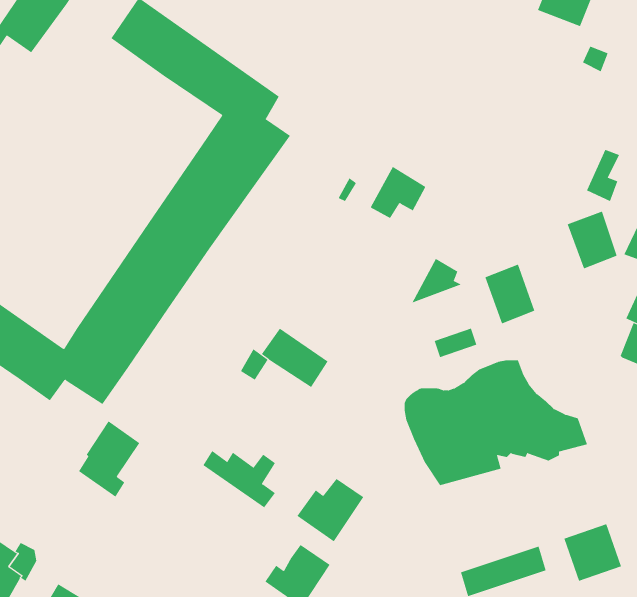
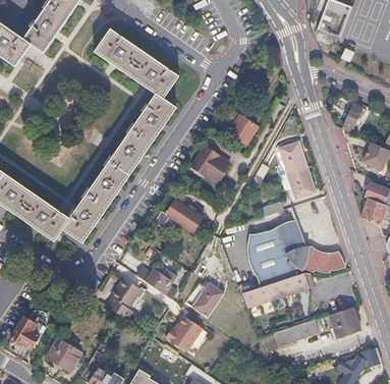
building: [567,211,617,269] -> [279,142,307,173]
building: none -> [190,147,229,182]
building: [78,421,140,498] -> [109,280,143,322]
building: none -> [242,274,314,307]

